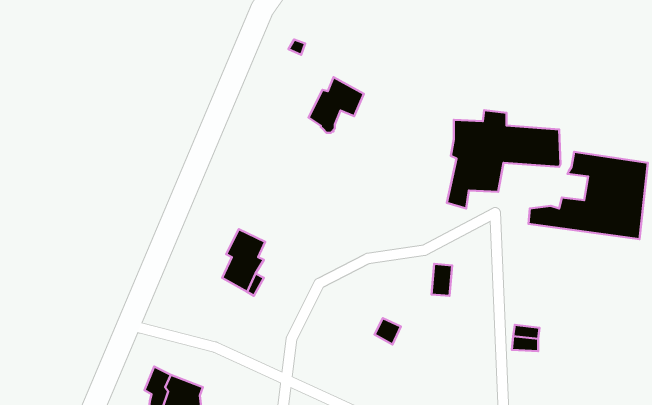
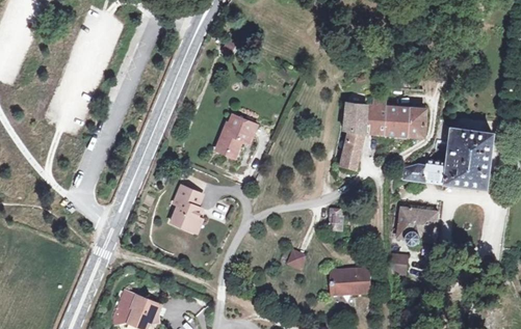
building: [309,77,364,133] -> [215,111,257,153]
building: none -> [400,208,438,247]
building: none -> [331,271,372,297]

